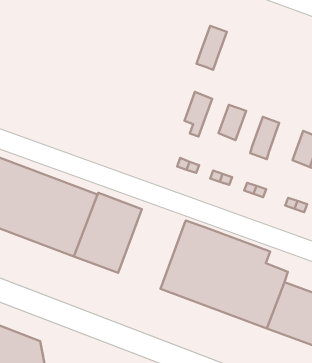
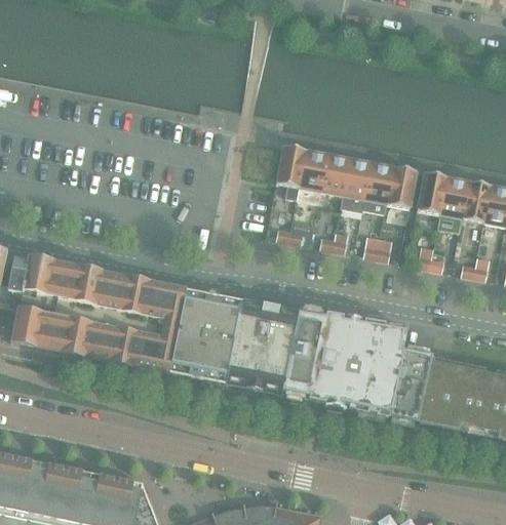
building: [197,26,227,70] -> [299,151,329,204]
building: none -> [343,159,374,212]
building: none -> [388,167,418,209]
building: none -> [227,300,299,395]

